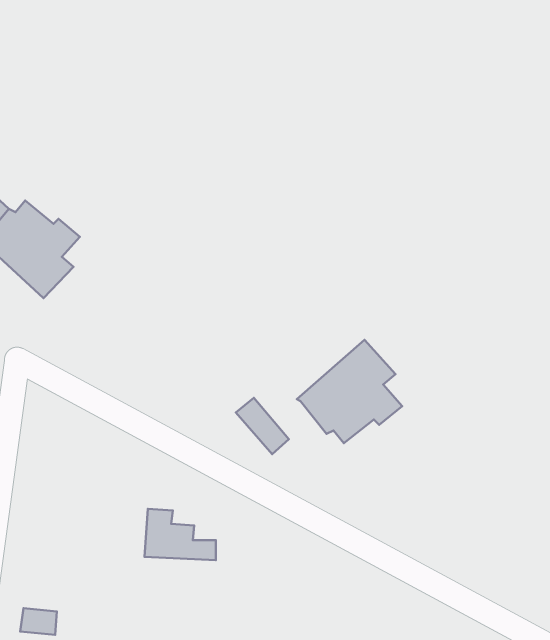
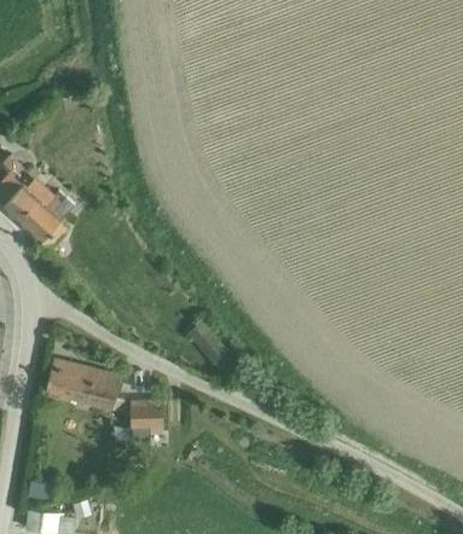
building: [297,340,402,443] -> none
building: none -> [45,359,122,410]

